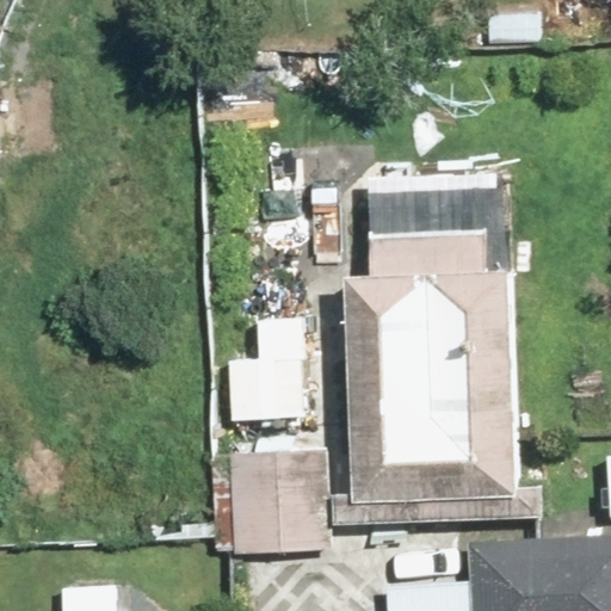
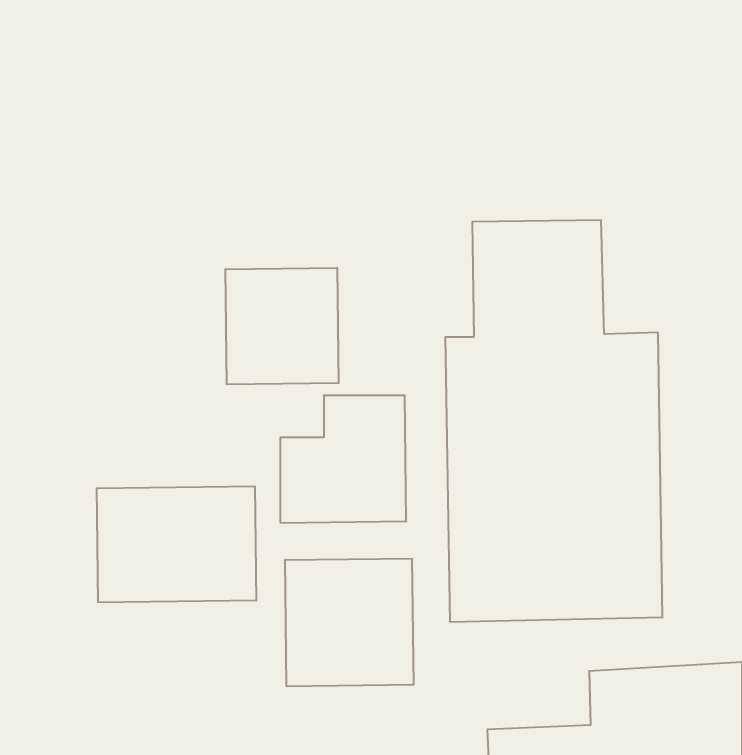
building: none -> [225,268,339,384]
building: none -> [97,486,256,602]

